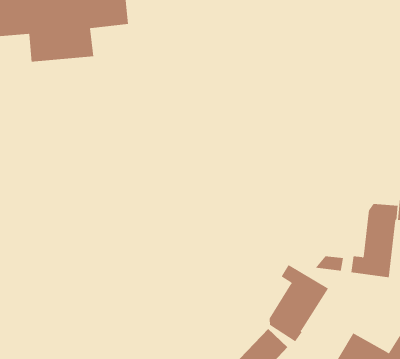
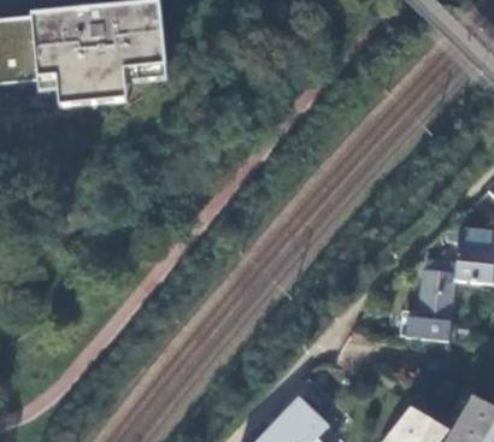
building: [269,264,329,342] -> none

